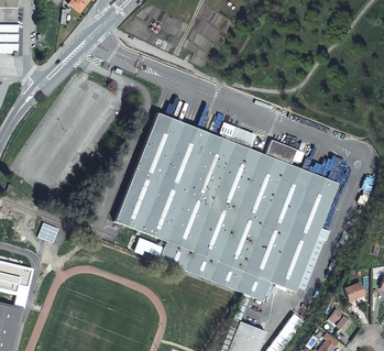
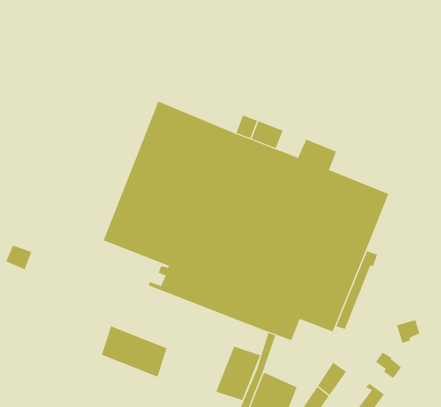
building: none -> [101,325,167,378]
building: none -> [216,346,261,401]

